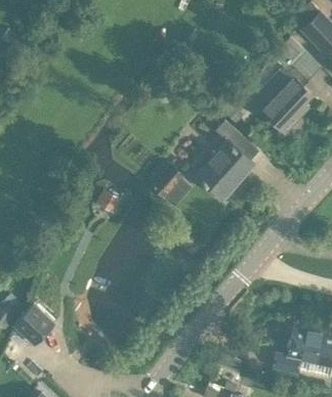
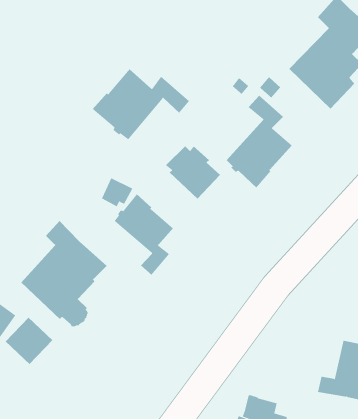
building: none -> [92,69,190,140]
building: none -> [114,194,174,275]
building: none -> [21,220,107,327]

